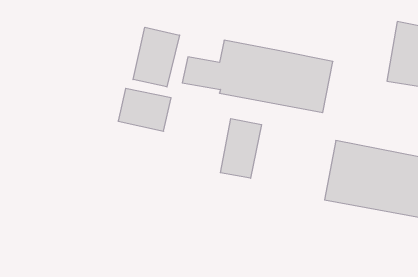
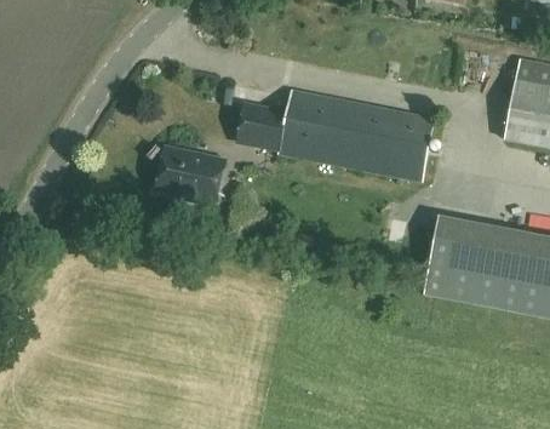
building: [133,27,180,87] -> none
building: [220,119,262,178] -> none

